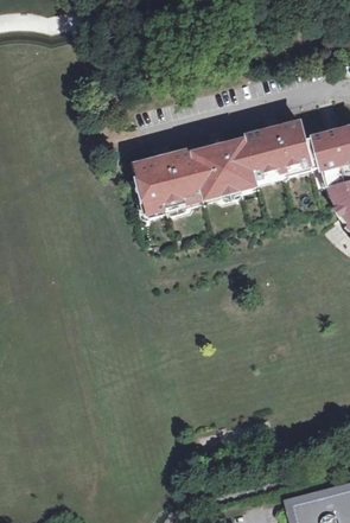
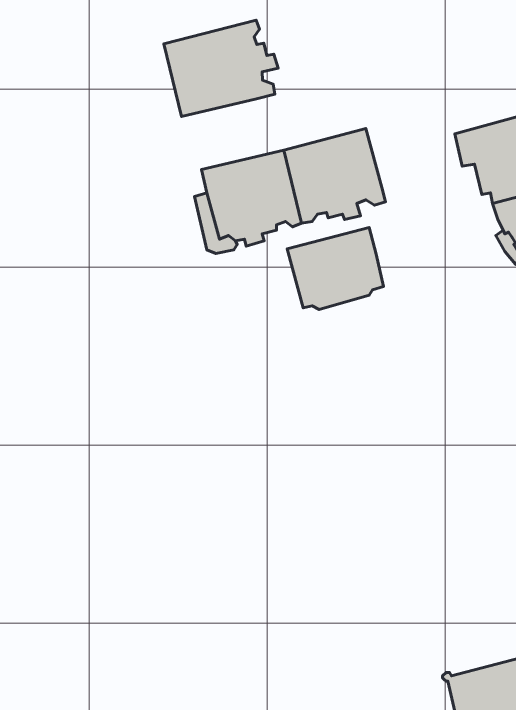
building: none -> [164,20,278,116]
building: [244,121,308,176] -> [287,228,383,310]

